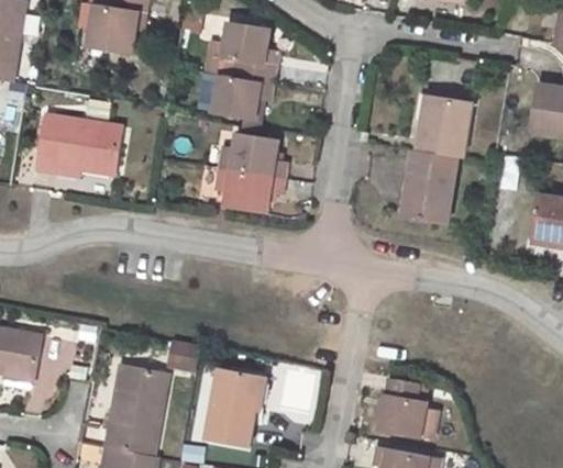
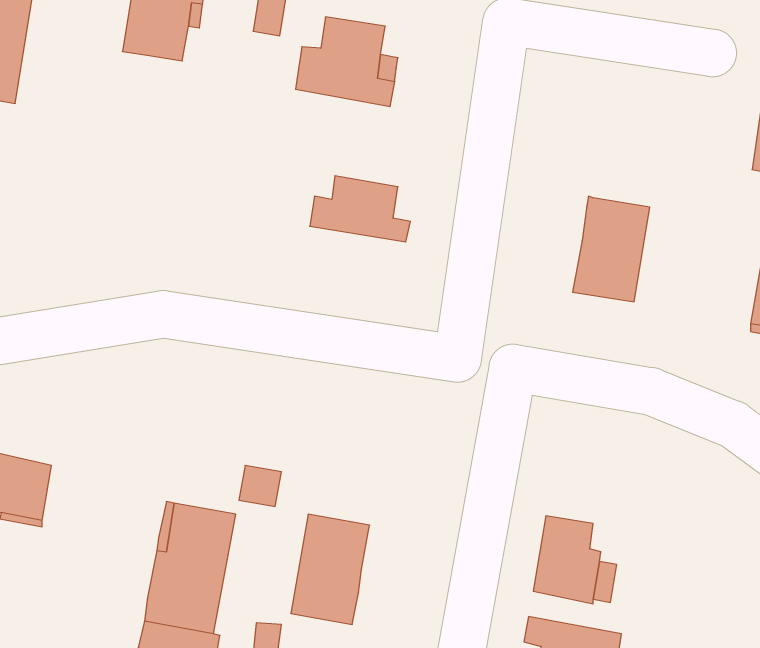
building: [206,74,275,122] -> none
building: [417,91,473,157] -> none
building: [37,118,123,180] -> none
building: [216,169,286,215] -> none

